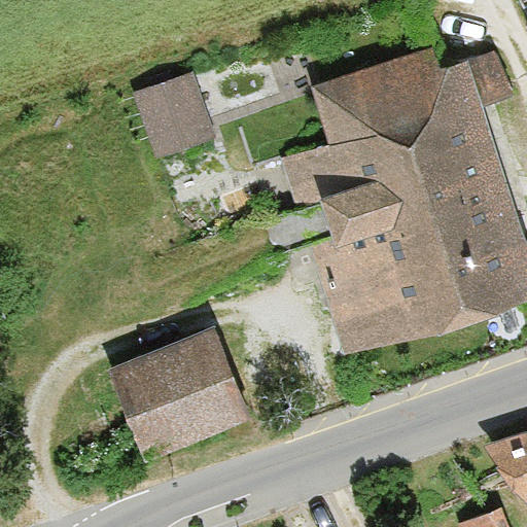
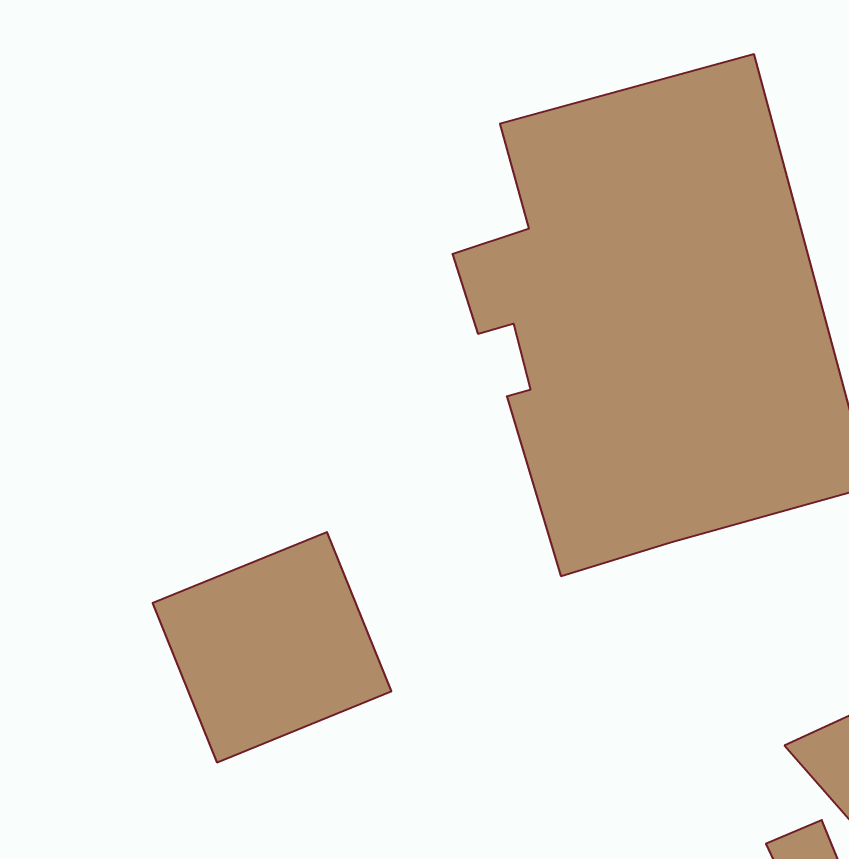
building: [137,73,221,161] -> none

